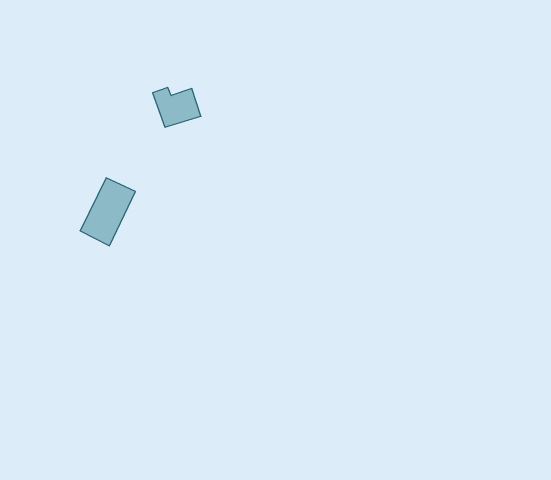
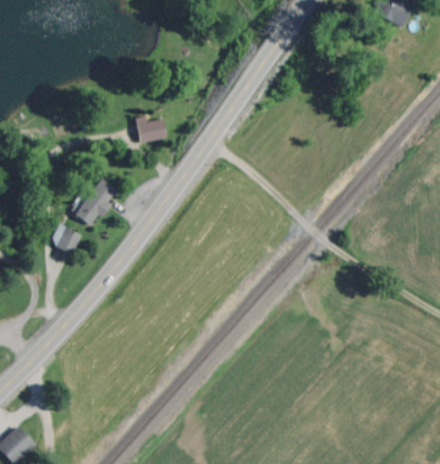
building: none -> [57,228,83,254]

